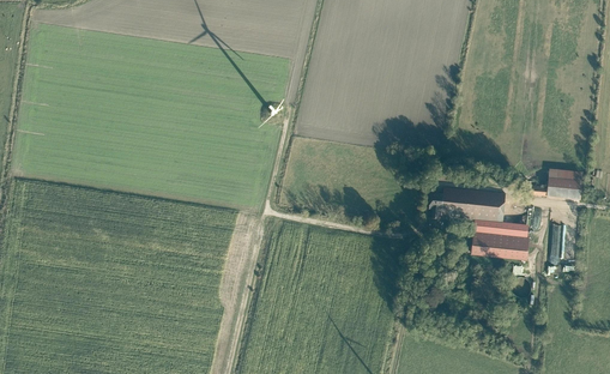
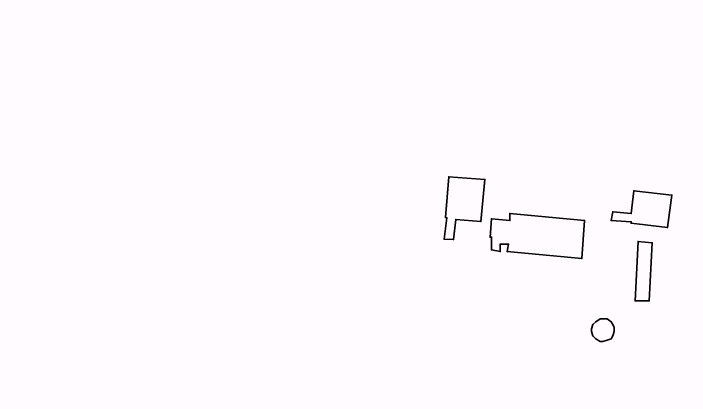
building: none -> [444,177,485,240]
building: [473,229,531,261] -> none

